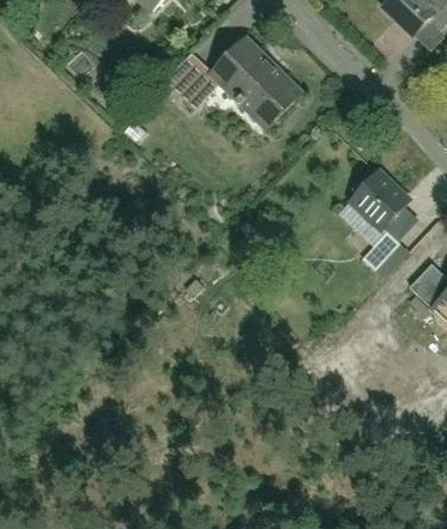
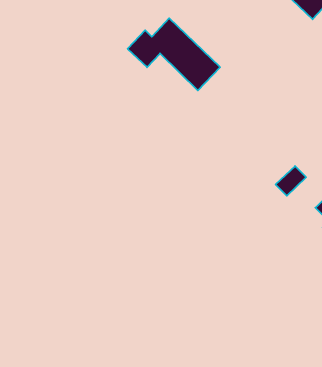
building: [339,172,400,235] -> none

